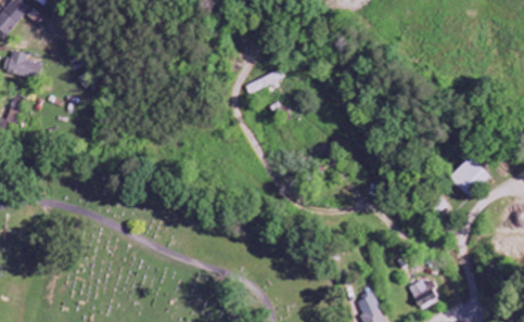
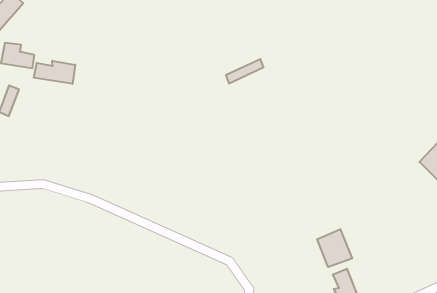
building: none -> [34,61,75,84]
building: none -> [317,229,352,267]
building: [409,278,440,309] -> none

